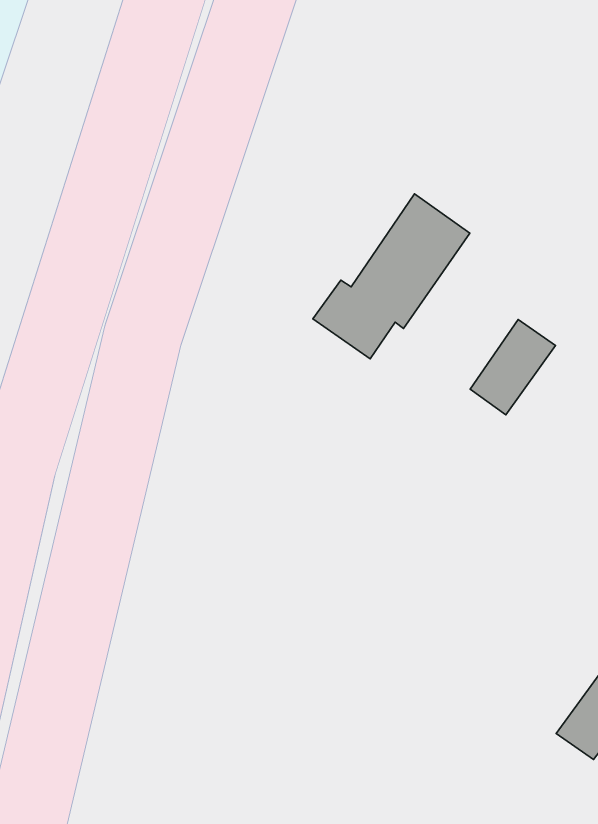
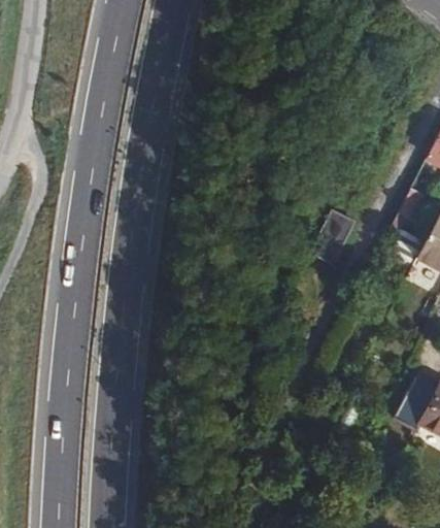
building: [313,194,470,359] -> none

